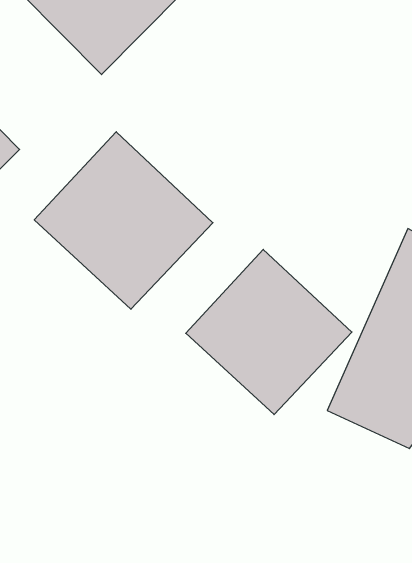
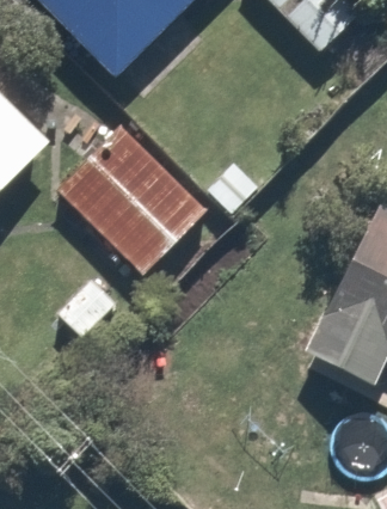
building: [186,249,352,415] -> none

